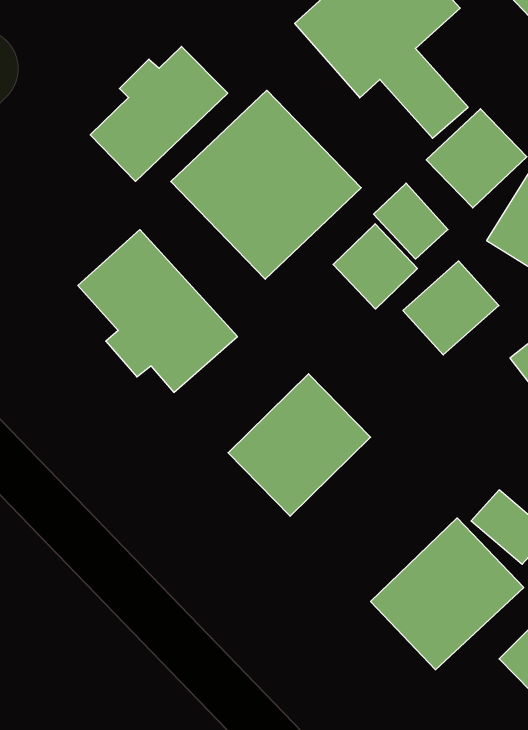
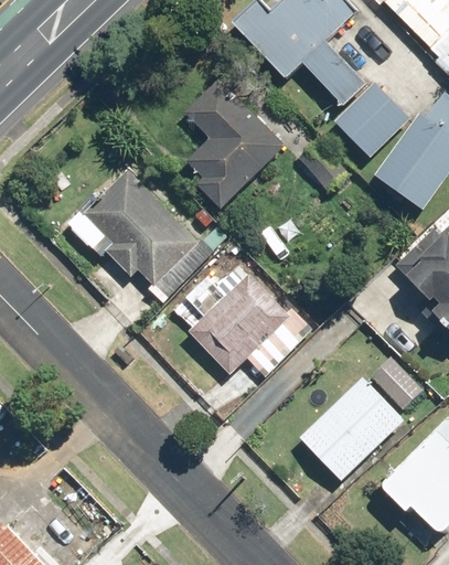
building: [90,46,228,181] -> none
building: [333,224,417,309] -> none
building: [403,261,499,355] -> none

